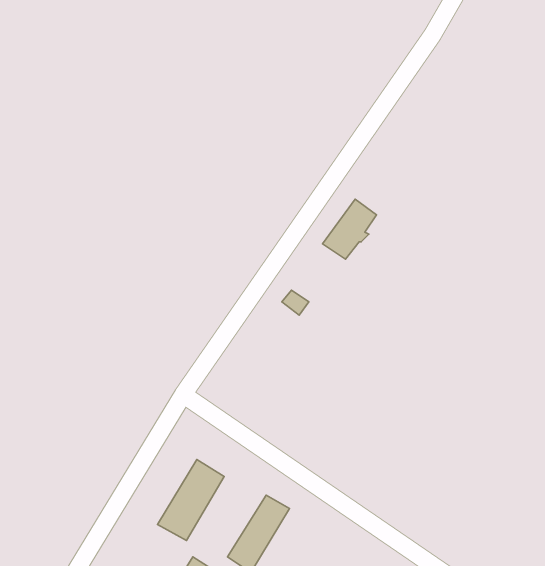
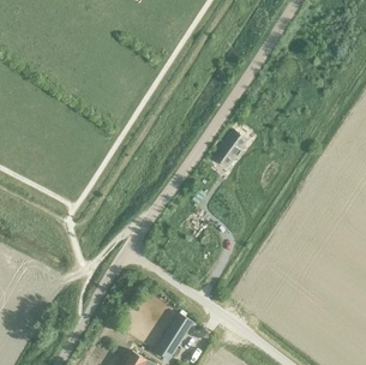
building: [158,459,224,540] -> none

